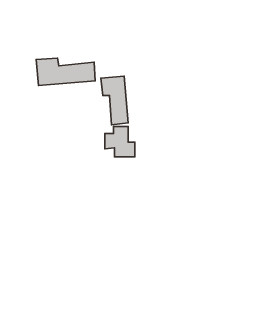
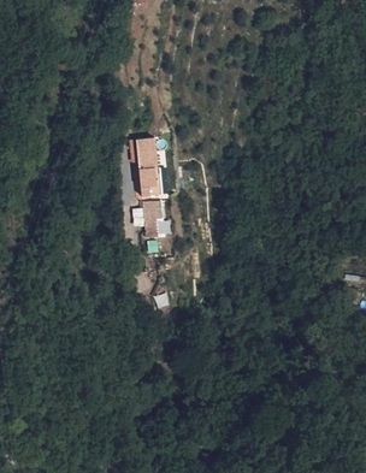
building: [36,58,95,85] -> none

